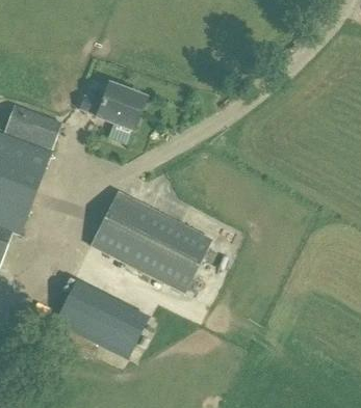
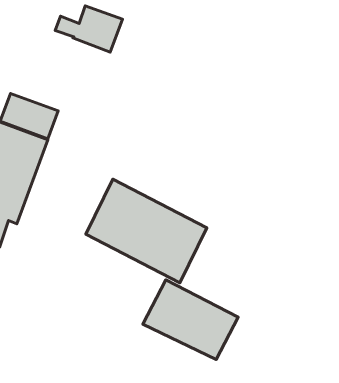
building: [78,84,146,131] -> [55,6,122,52]
building: [53,279,149,359] -> [143,280,238,359]

